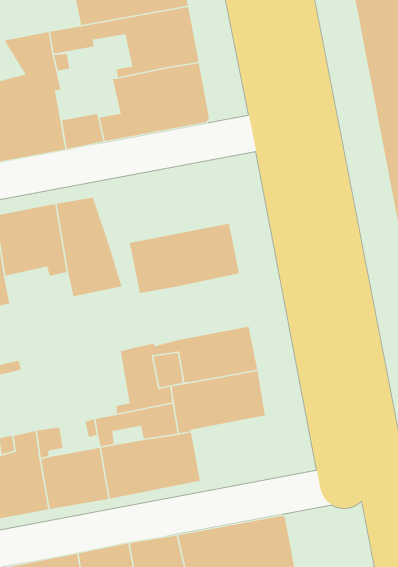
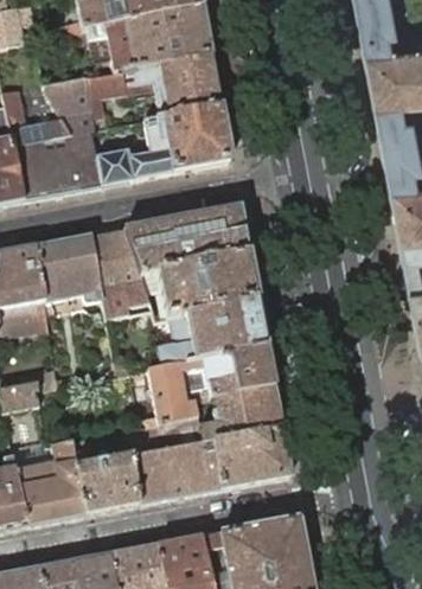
building: none -> [124,205,248,274]
building: none -> [158,297,266,364]
building: none -> [213,427,290,486]

